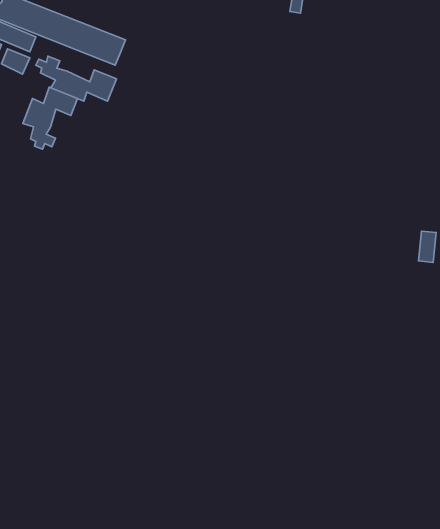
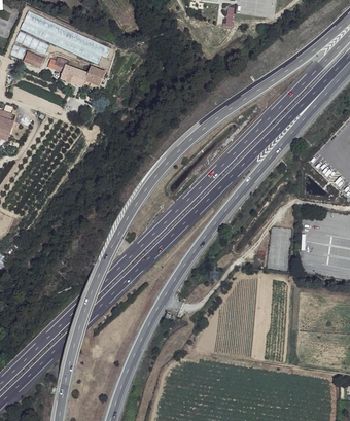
building: [23,87,77,149] -> none

